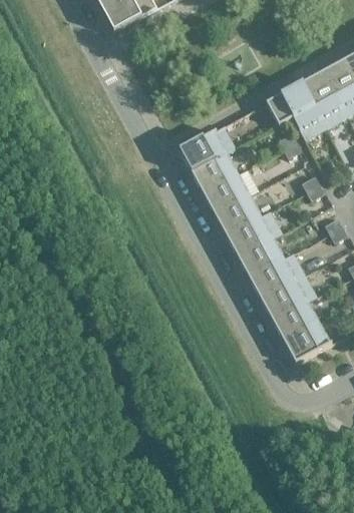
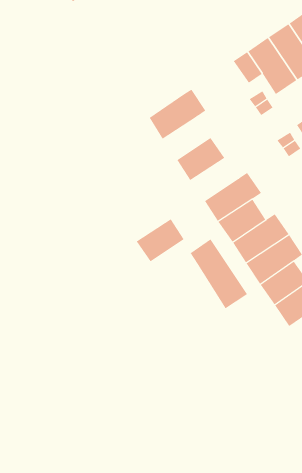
building: [191,151,238,191] -> none
building: [214,193,261,233] -> [136,219,185,262]
building: none -> [190,239,248,309]

